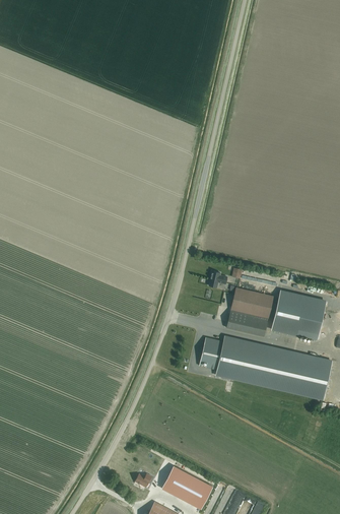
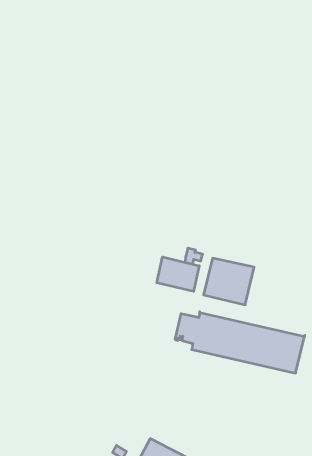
building: none -> [157,257,199,291]
building: [271,291,326,339] -> none

